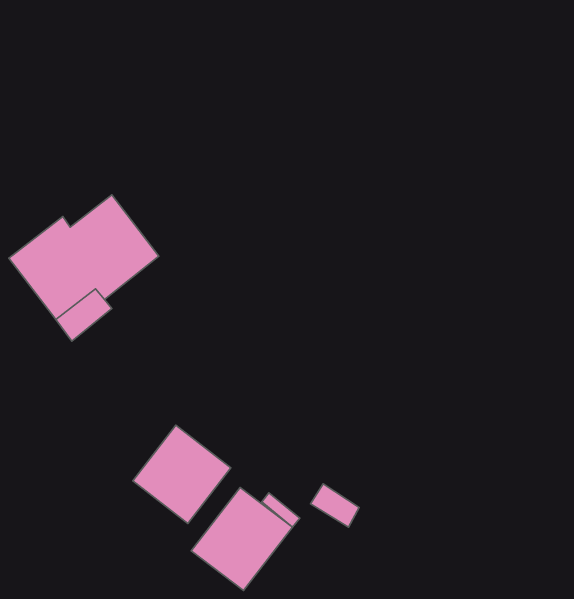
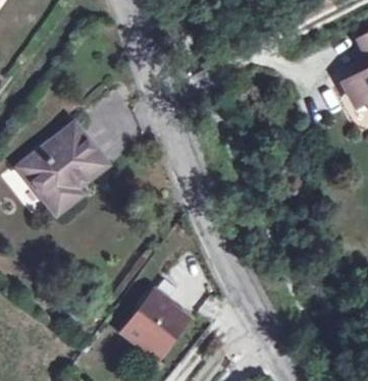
building: [133,425,231,524] -> none

